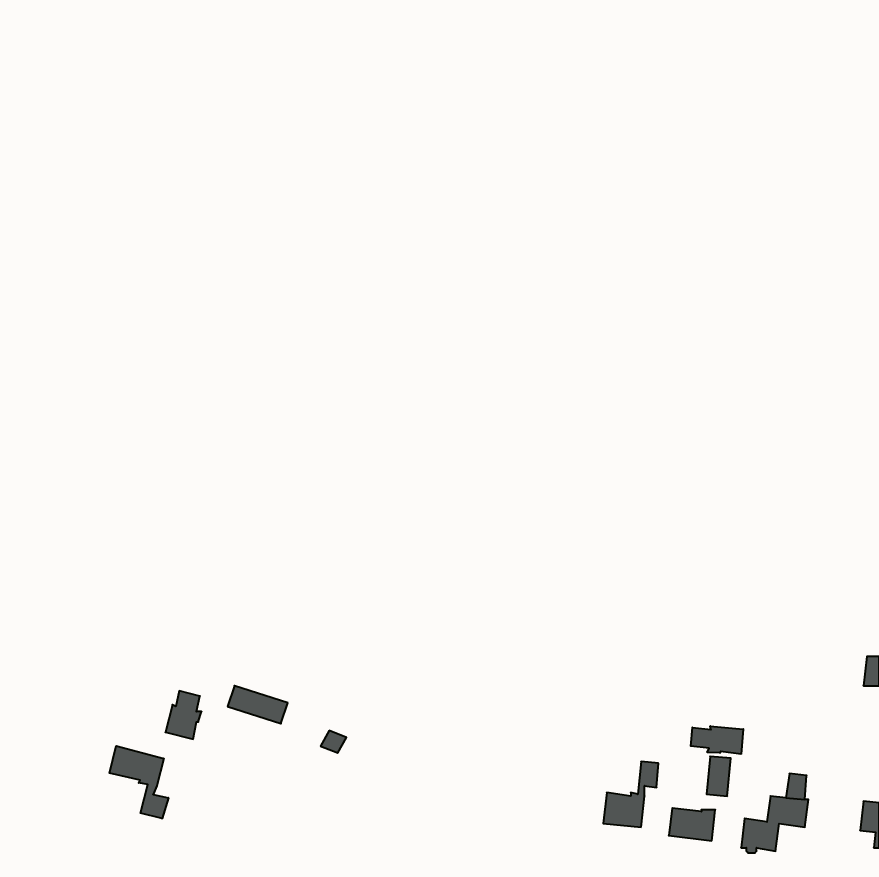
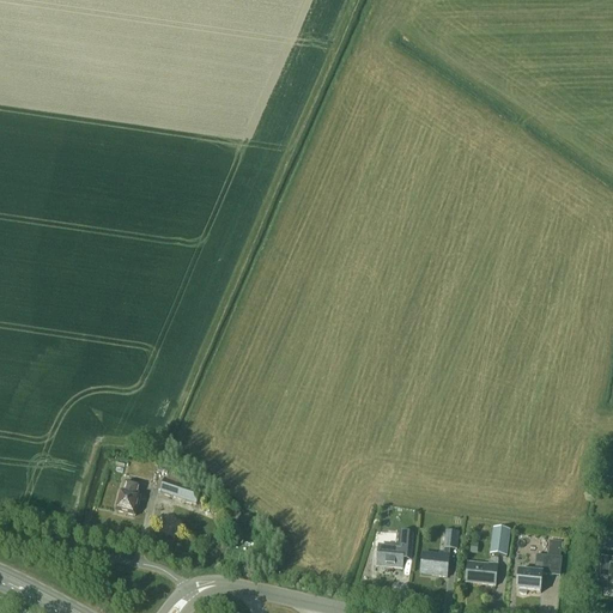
building: [691,726,743,754] -> none
building: [109,746,168,819] -> none
building: none -> [376,536,412,568]

